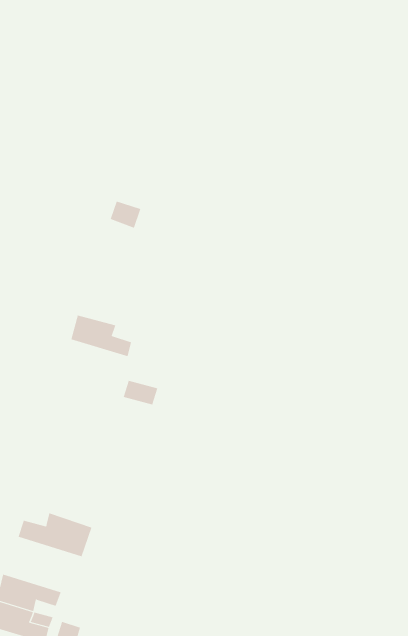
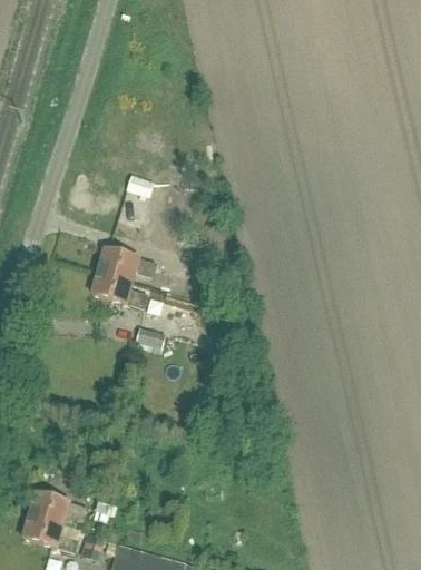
building: none -> [97,249,154,281]
building: [18,512,92,557] -> none

